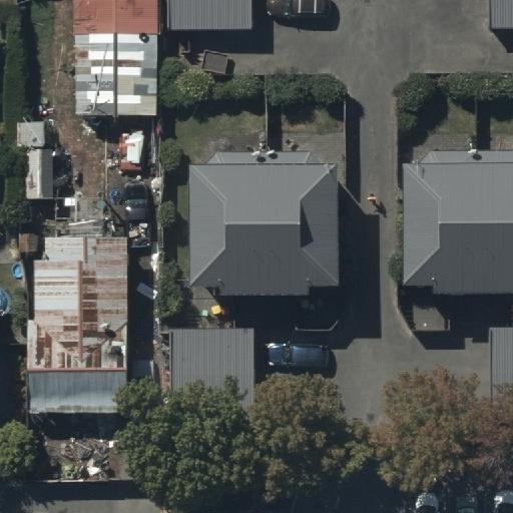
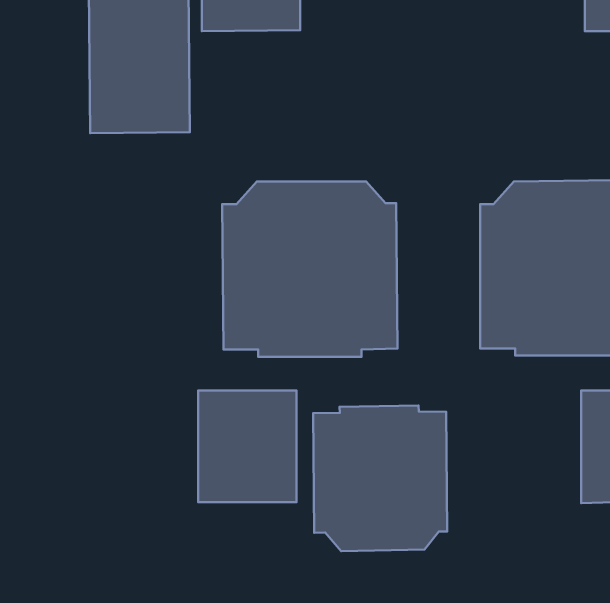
building: [31,185,130,412] -> none
building: none -> [313,406,447,551]

